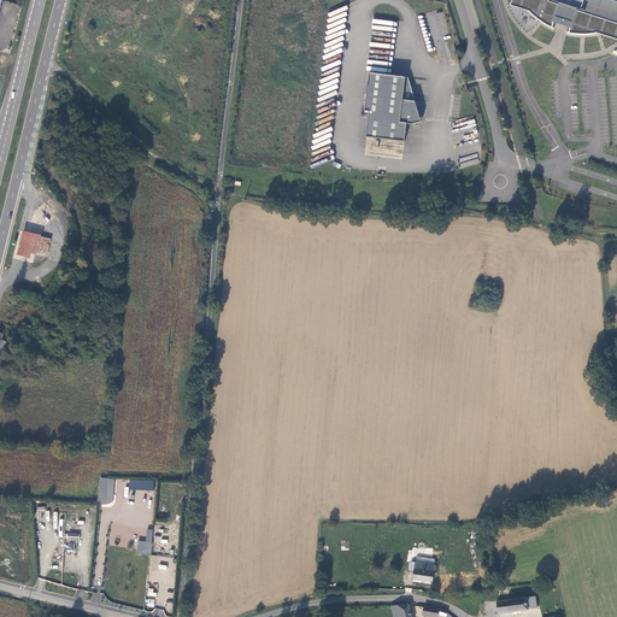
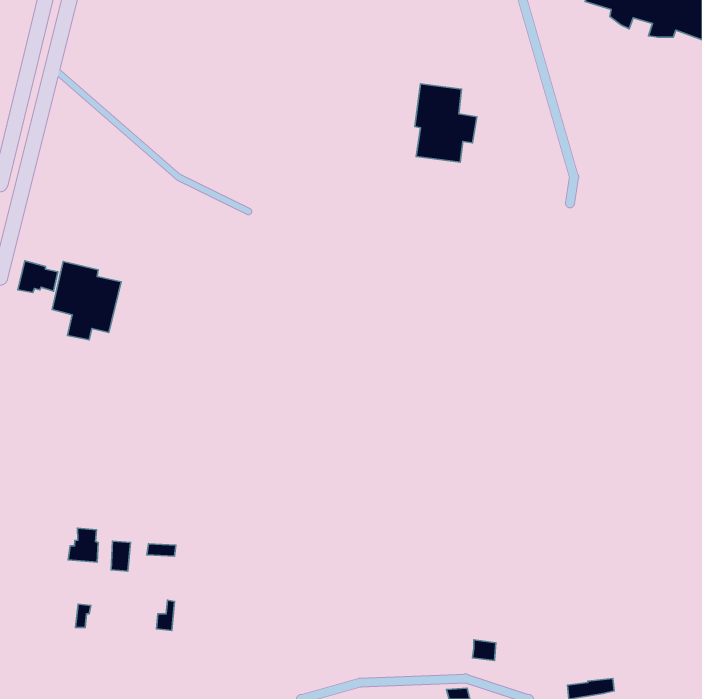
building: none -> [52,262,121,340]
building: none -> [68,528,98,562]

